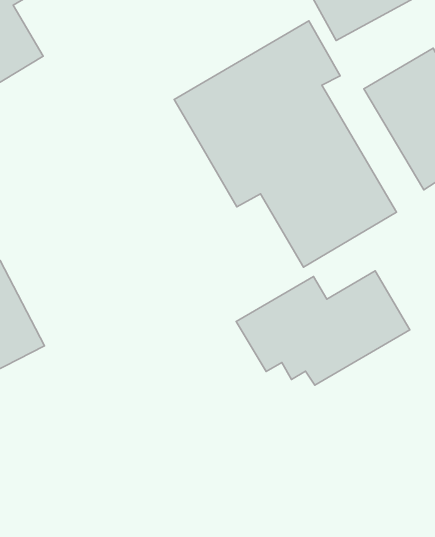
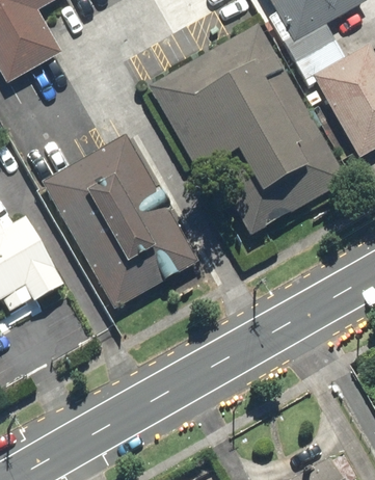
building: none -> [48,150,187,311]
building: [236,271,410,385] -> none

